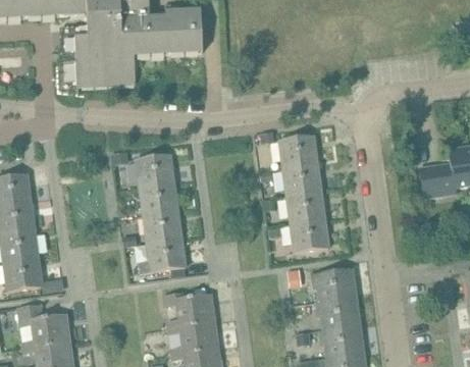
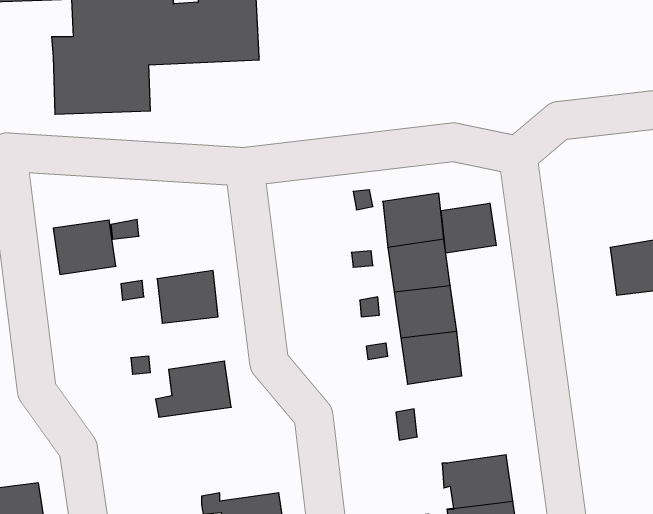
building: none -> [441,203,496,253]
building: [136,153,174,187] -> [53,220,116,274]
building: [143,210,181,243] -> none
building: [312,267,356,301] -> none
building: [163,292,215,324] -> none

